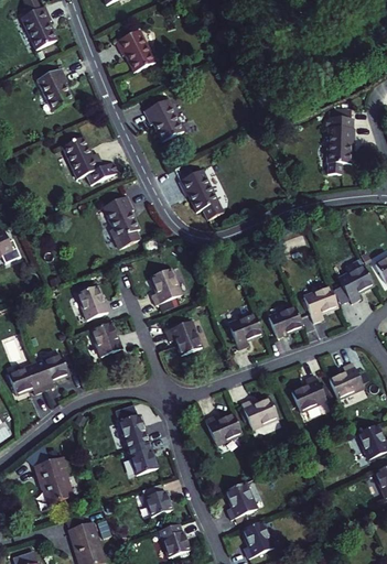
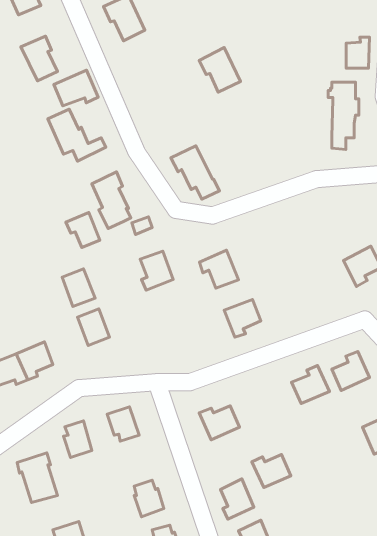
building: none -> [346,37,370,68]
building: [144,98,183,140] -> [199,47,241,92]
building: none -> [54,70,98,106]
building: none -> [66,213,100,248]
building: [304,285,337,321] -> none
building: [268,304,302,335] -> none
building: [165,318,202,354] -> [199,250,238,288]
building: [241,397,278,427] -> [252,455,291,488]
building: [130,440,157,474] -> [63,421,92,458]

